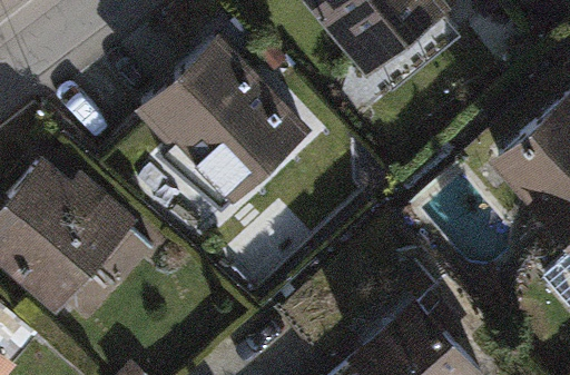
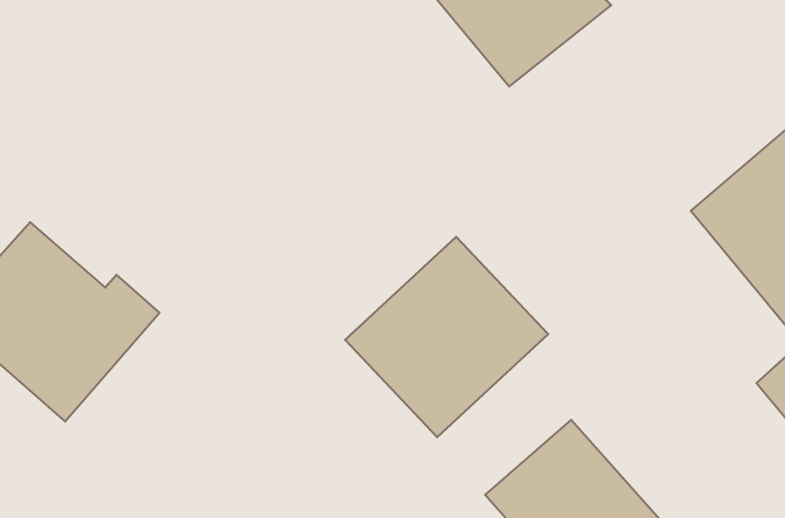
building: [147,40,305,198] -> none
building: none -> [345,237,548,437]

